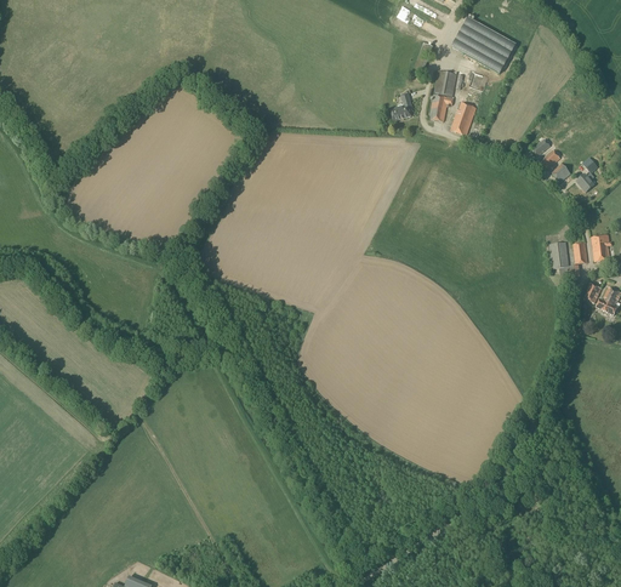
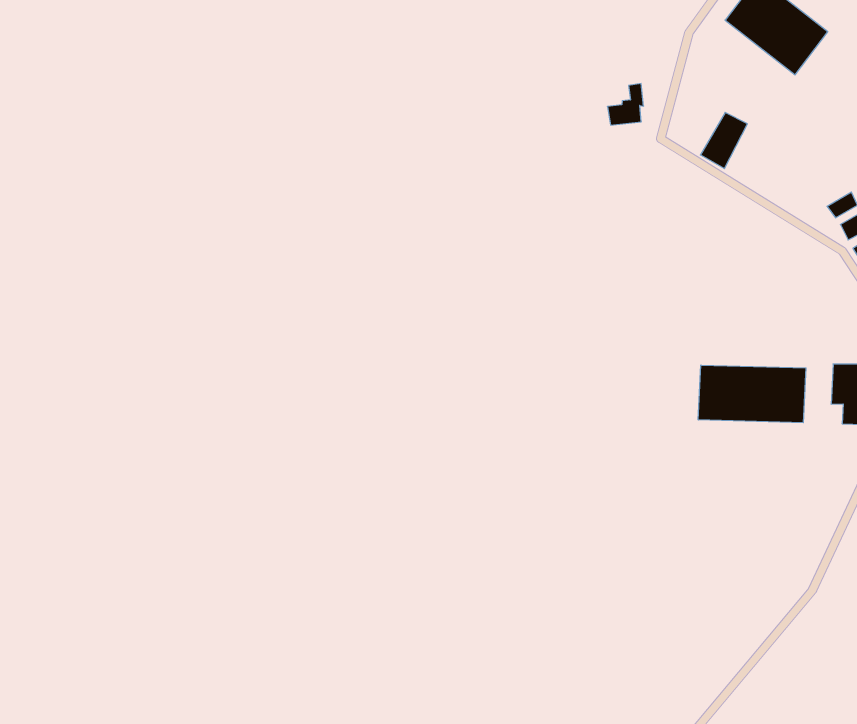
building: [429,70,456,121] -> none
building: none -> [698,365,806,423]

